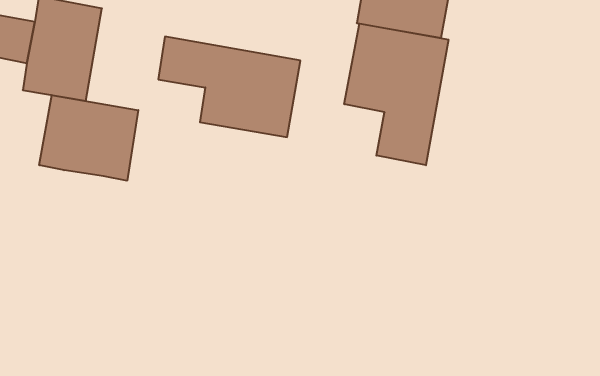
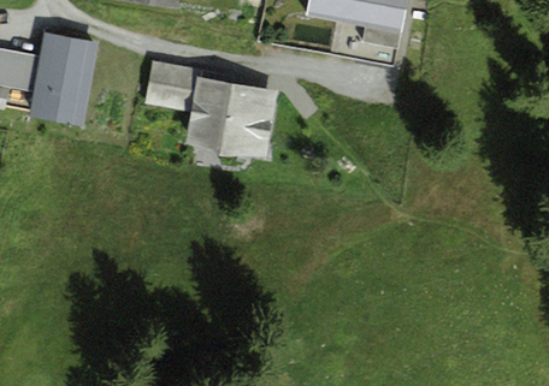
building: [344,24,448,165] -> none
building: [39,95,138,181] -> none

